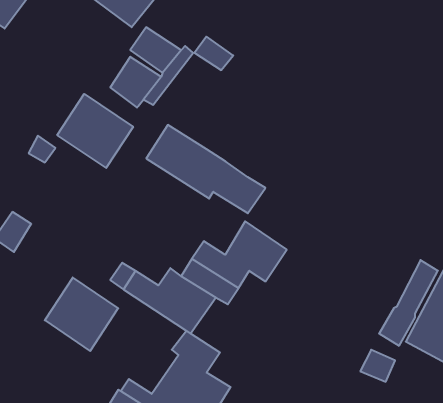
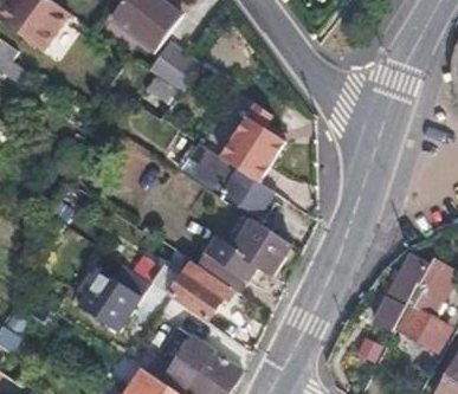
building: none -> [220,103,283,181]
building: [57,94,133,168] -> none

